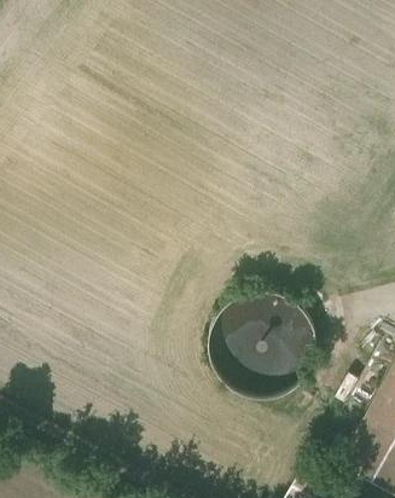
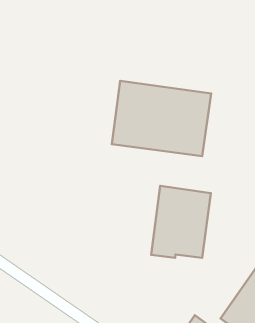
building: none -> [112,81,211,156]

